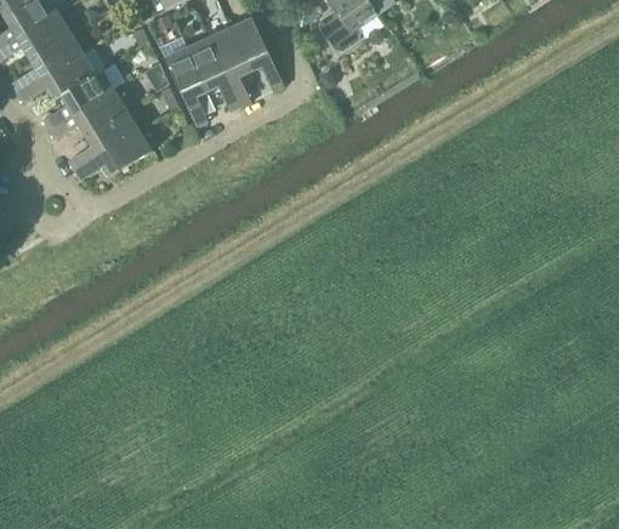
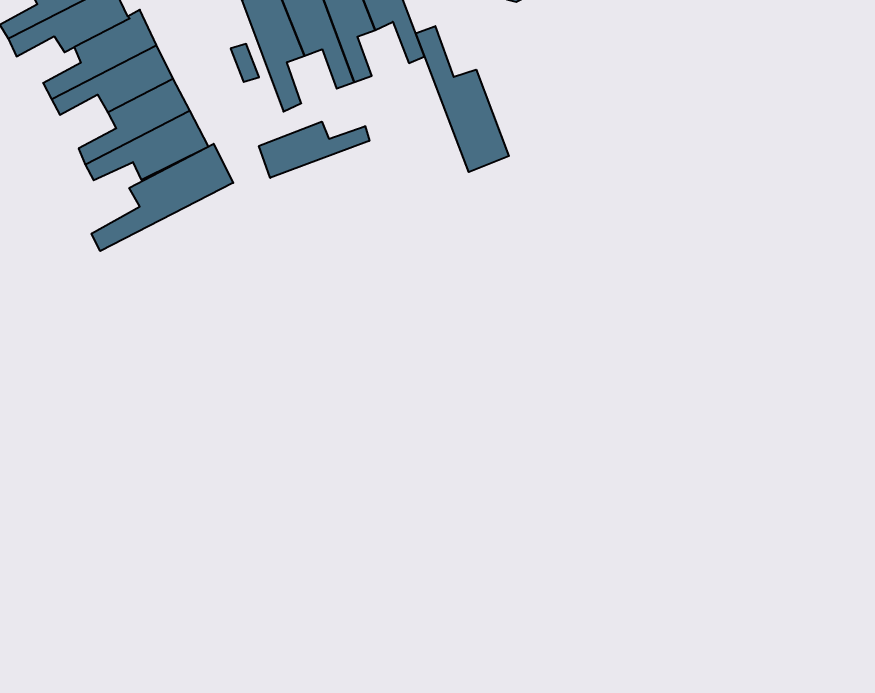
building: none -> [416,26,509,172]
building: none -> [259,122,369,178]
building: none -> [92,144,233,251]

